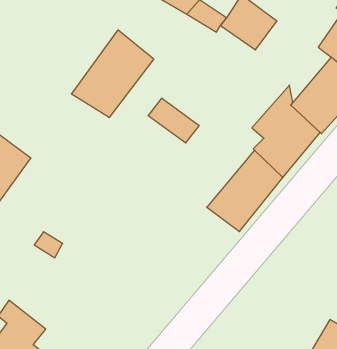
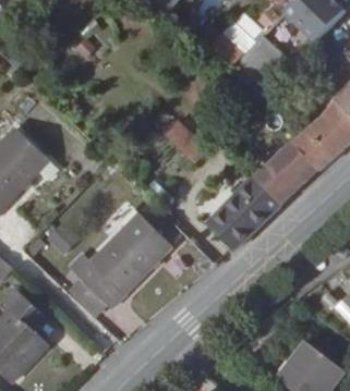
building: [72,30,154,118] -> none
building: none -> [75,212,173,310]

